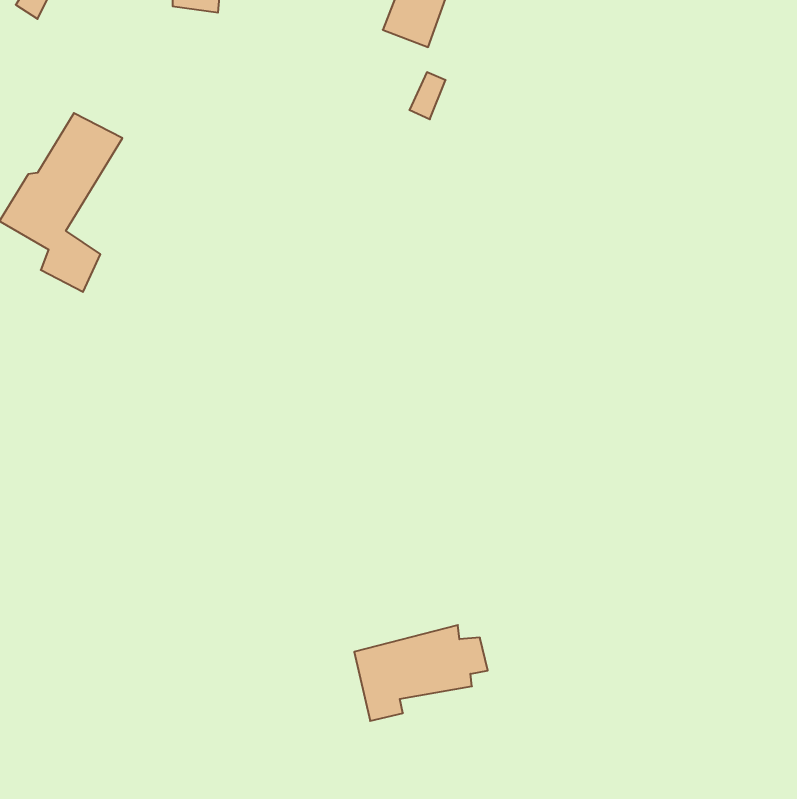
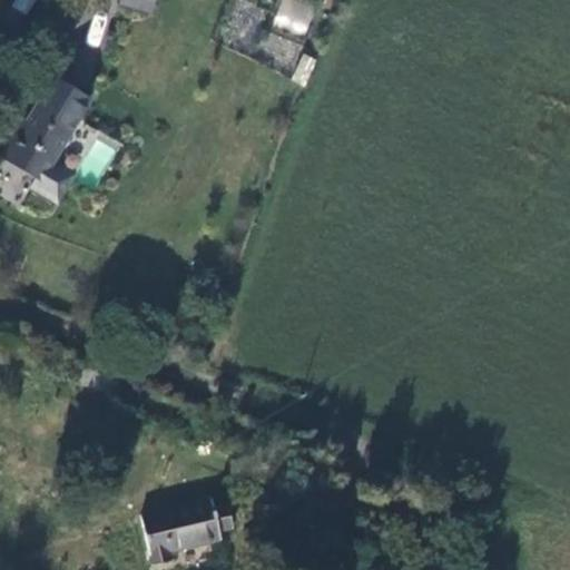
building: [354,625,488,721] -> [142,494,237,562]

